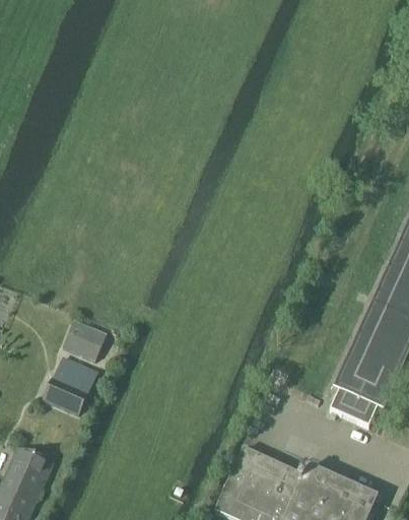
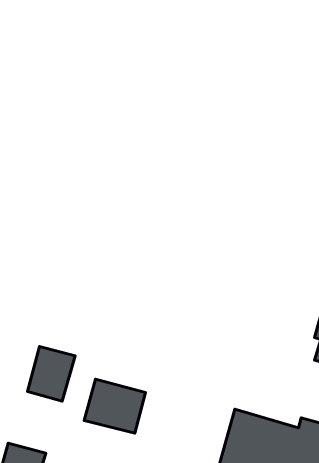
building: [62,321,105,360] -> none
building: none -> [84,379,145,433]

